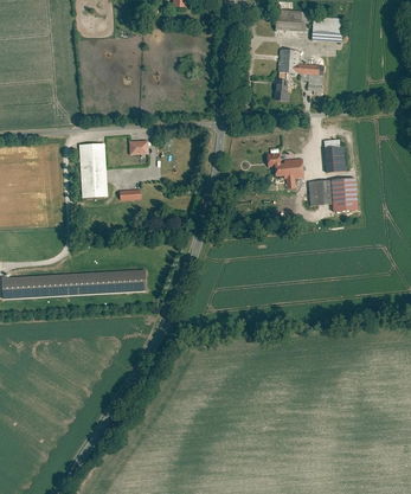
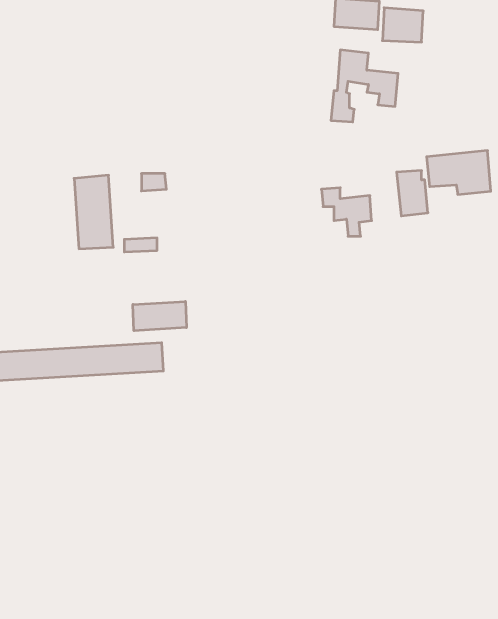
building: [309,178,358,211] -> [427,151,491,194]
building: none -> [133,301,186,331]

